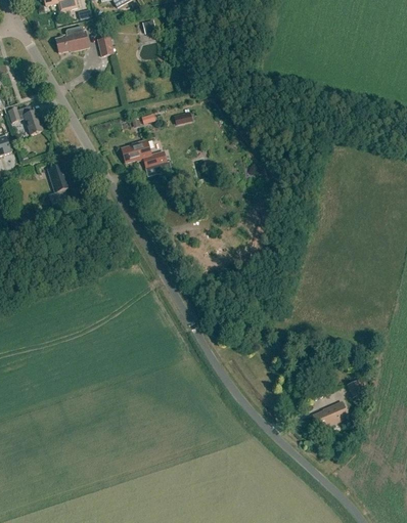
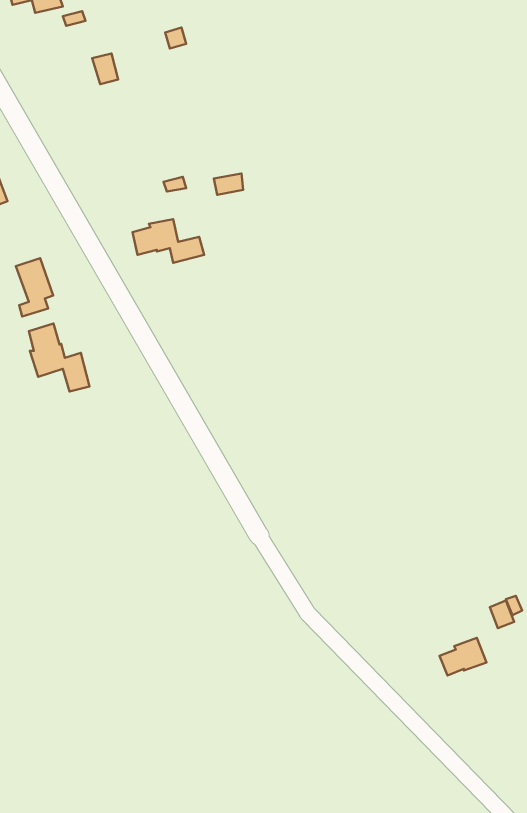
building: [57,26,88,52] -> none
building: none -> [29,323,90,392]

